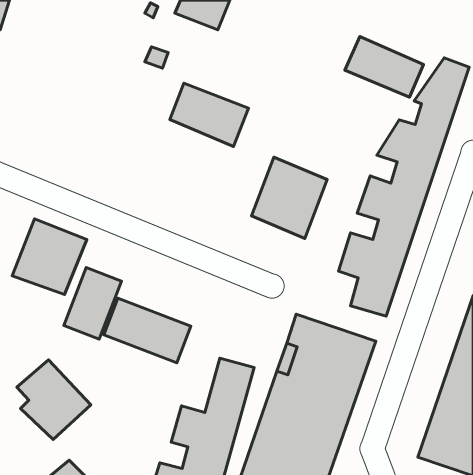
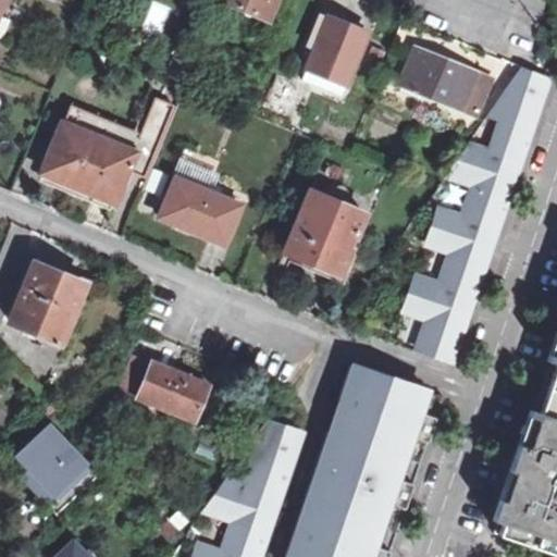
building: none -> [307,15,364,82]
building: none -> [42,96,178,208]
building: [170,83,248,147] -> [162,175,253,249]
building: [64,268,121,339] -> none

